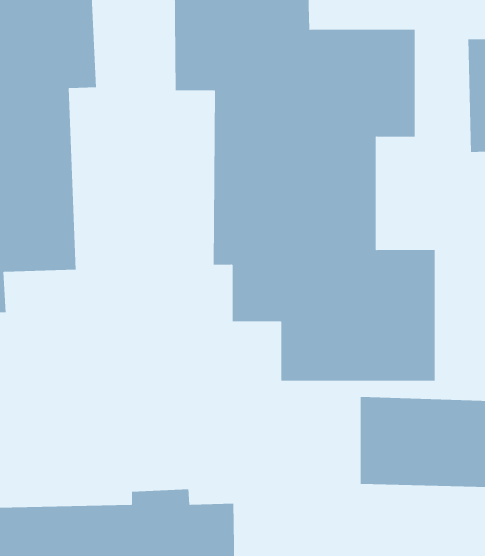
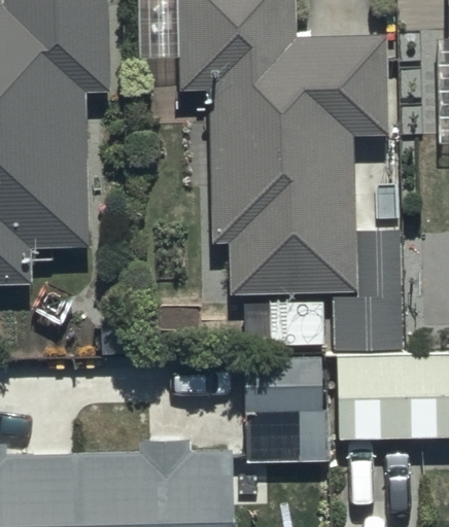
building: none -> [244,358,338,462]

